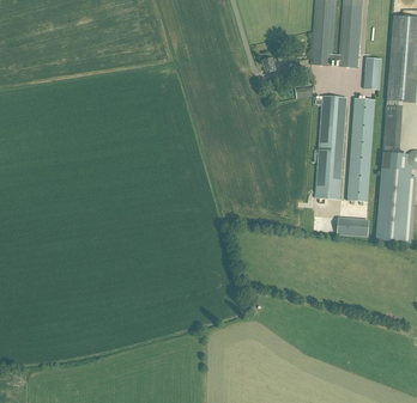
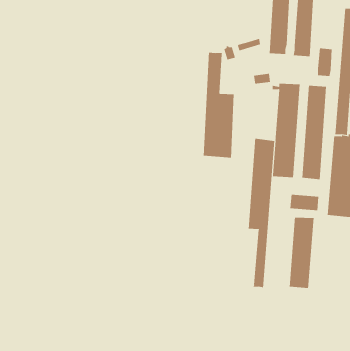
building: none -> [203,52,234,158]
building: none -> [248,138,275,288]
building: none -> [289,217,314,289]

